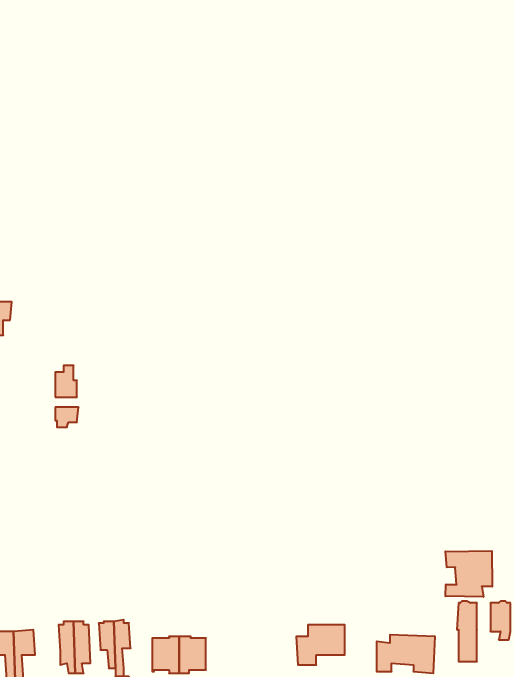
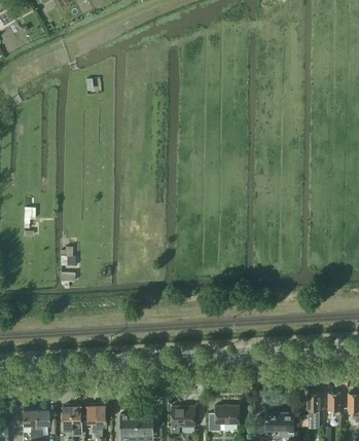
building: [445,551,492,597] -> none
building: none -> [172,407,195,429]

